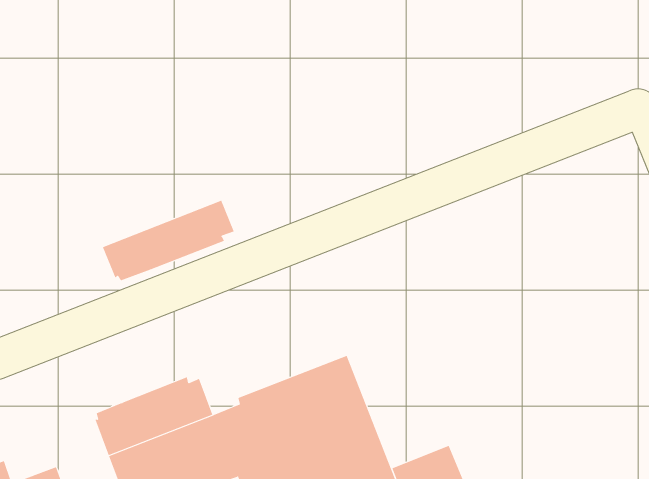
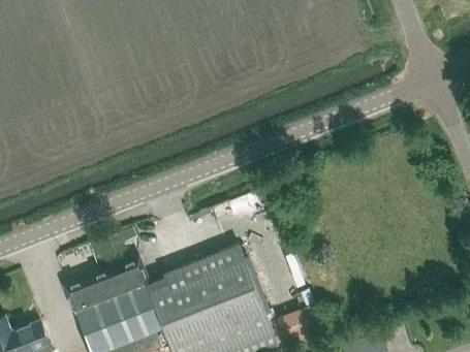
building: [102,200,234,281] -> none

